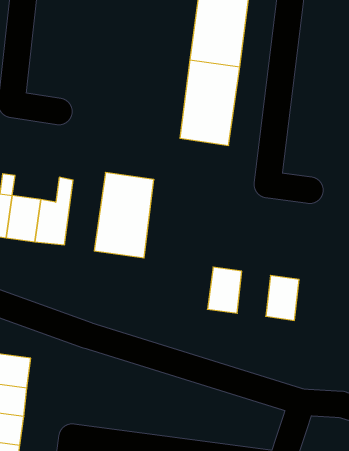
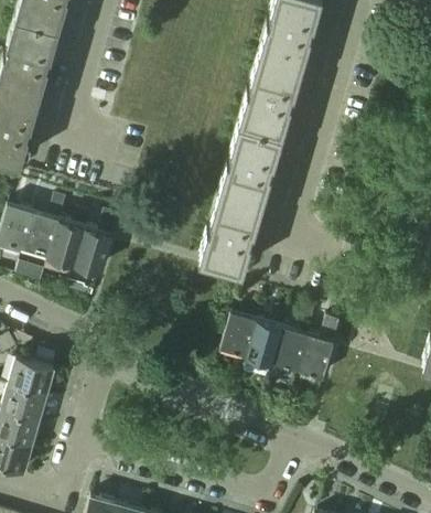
building: [94,172,154,258] -> [200,192,263,275]
building: none -> [299,320,341,381]
building: none -> [245,321,283,376]

